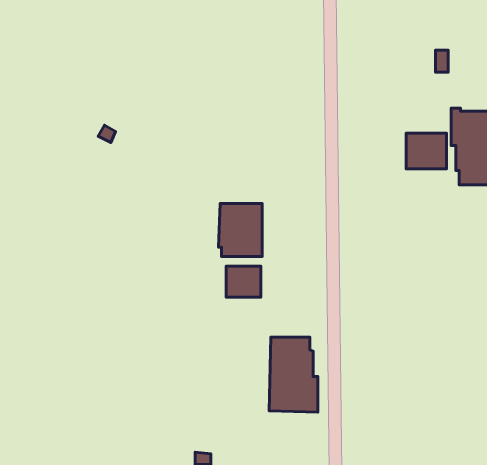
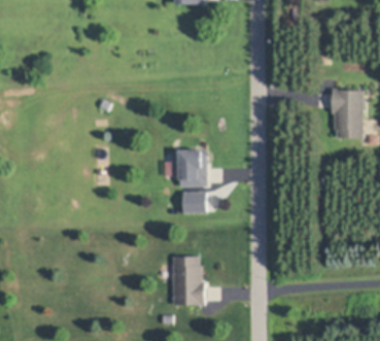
building: [406,133,446,169] -> none
building: [269,337,318,412] -> [172,257,204,306]

